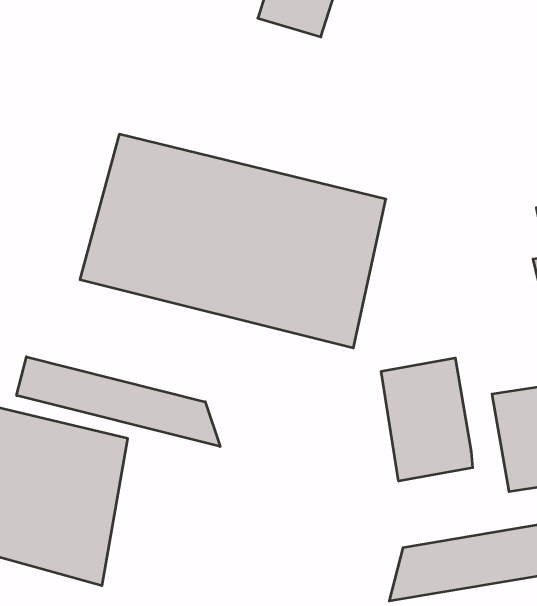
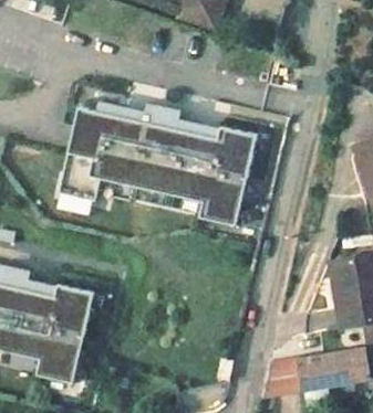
building: [17,357,220,447] -> none
building: [381,358,473,481] -> none

